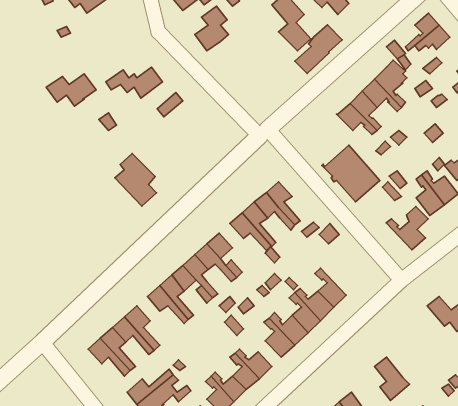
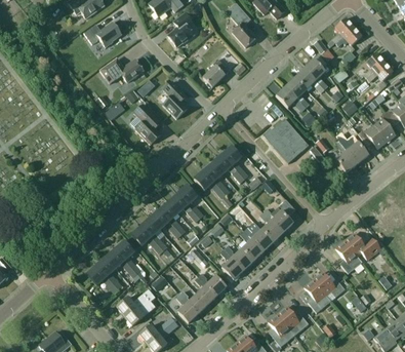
building: [295,25,342,73] -> [202,49,238,86]
building: [46,74,96,106] -> [83,22,121,46]
building: none -> [162,81,187,118]
building: [115,154,157,206] -> [129,104,161,144]
building: [386,207,428,250] -> [262,199,294,232]
building: none -> [334,240,361,273]
building: none -> [313,271,345,297]

